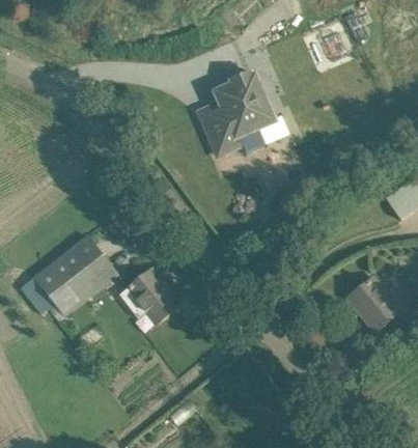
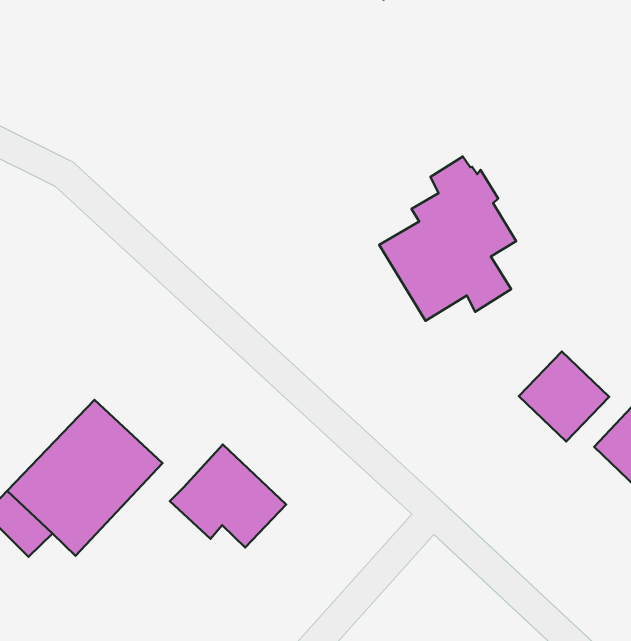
building: [199,69,272,153] -> [379,156,516,321]
building: none -> [519,352,609,441]

